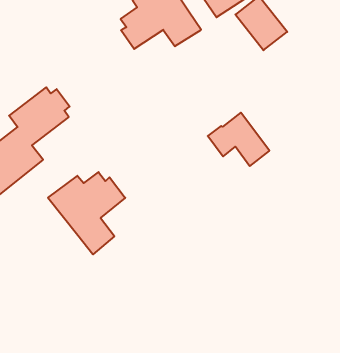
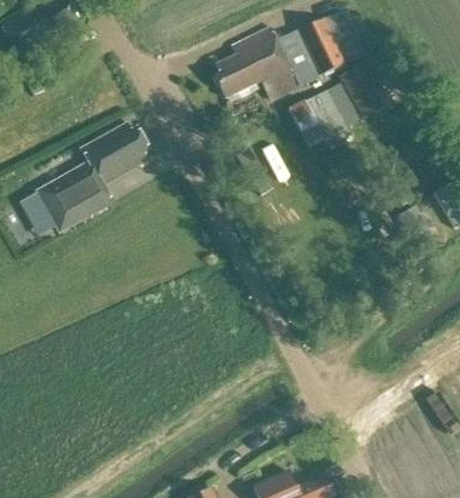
building: [208,113,269,166] -> [285,91,348,149]
building: [48,172,125,254] -> none

